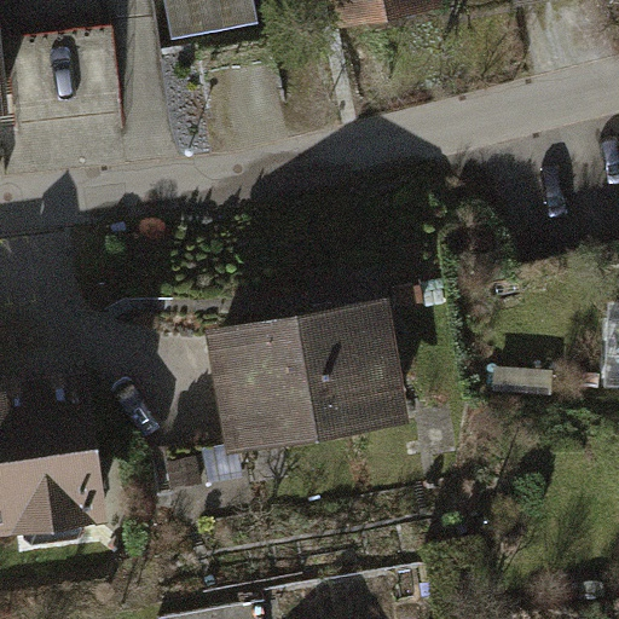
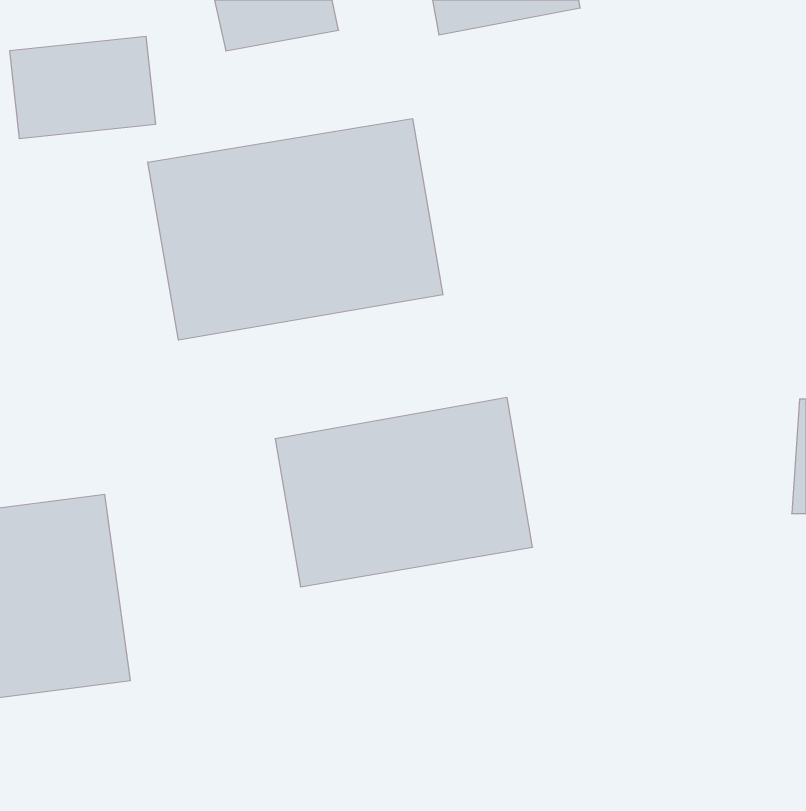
building: none -> [148,119,443,340]

